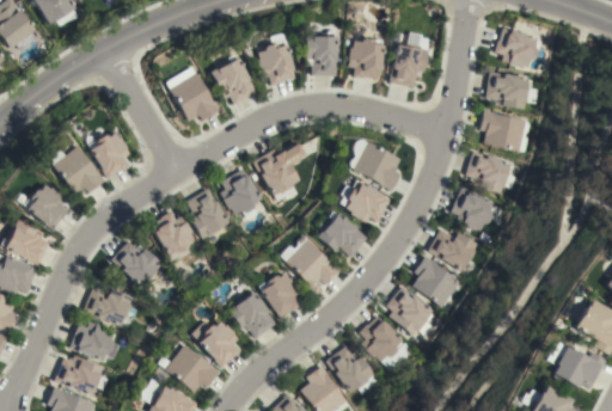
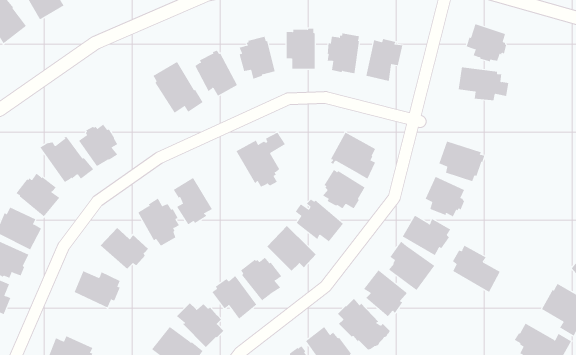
building: [482,110,528,152] -> none
building: [221,168,262,214] -> none
building: none -> [452,245,500,293]
building: [71,321,115,361] -> none

